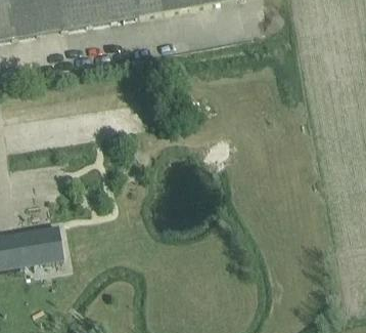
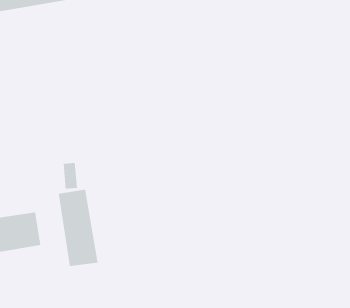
building: none -> [58,189,98,267]

